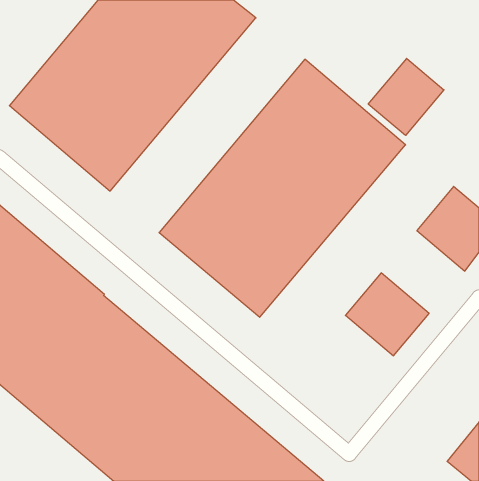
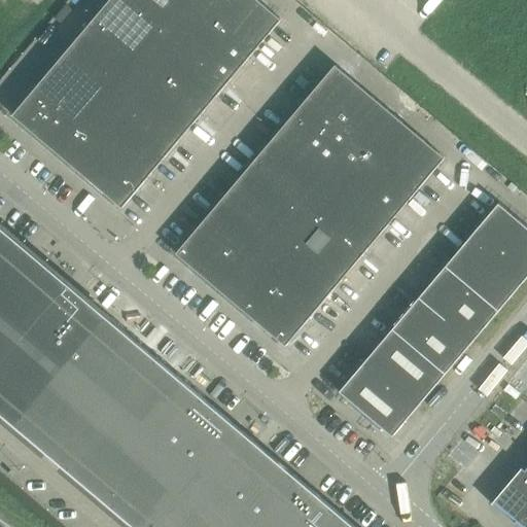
building: [368,58,444,135] -> none
building: none -> [417,252,508,343]
building: none -> [338,345,430,436]

